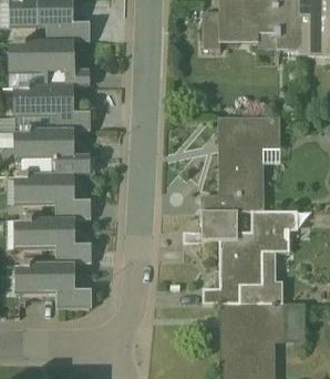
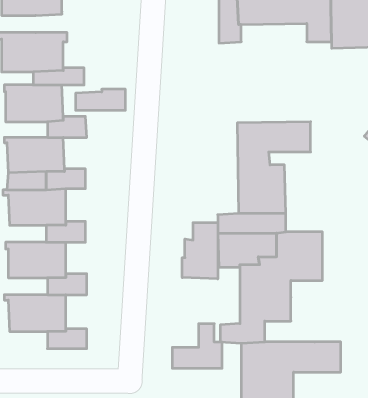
building: [47,23,89,41] -> [76,89,125,110]
building: none -> [182,223,218,279]
building: [240,265,282,303] -> [172,324,222,368]

